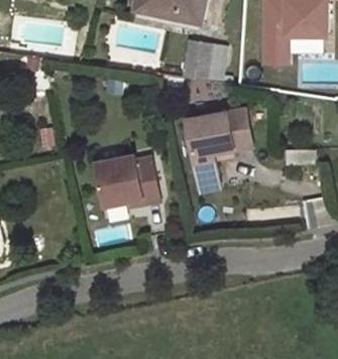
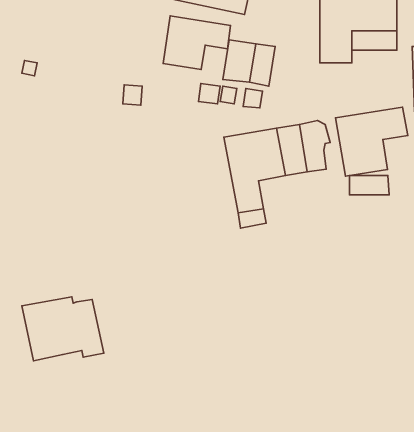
building: none -> [163,16,231,70]
building: none -> [335,107,408,176]
building: [94,156,158,207] -> [22,297,104,361]

